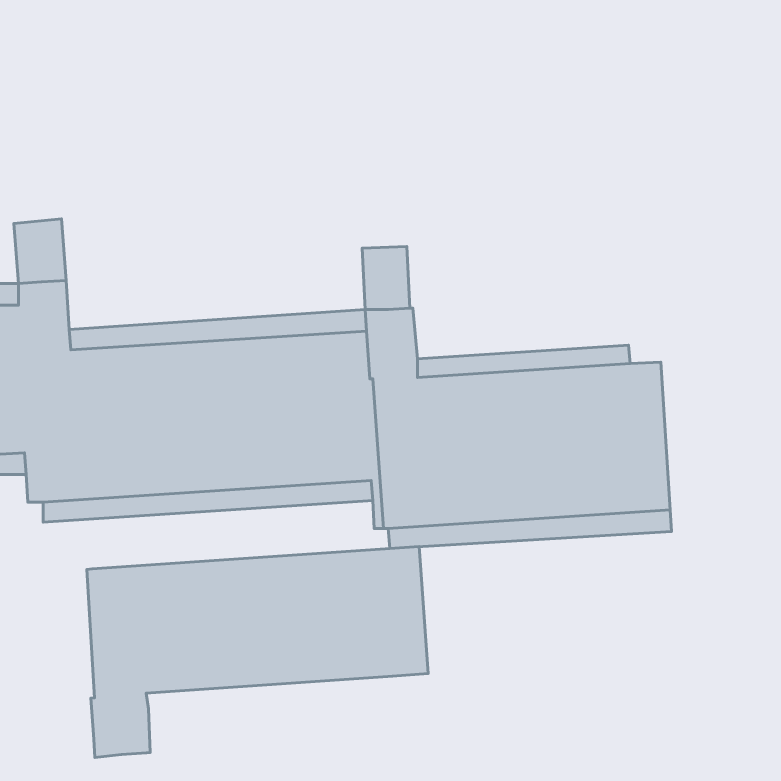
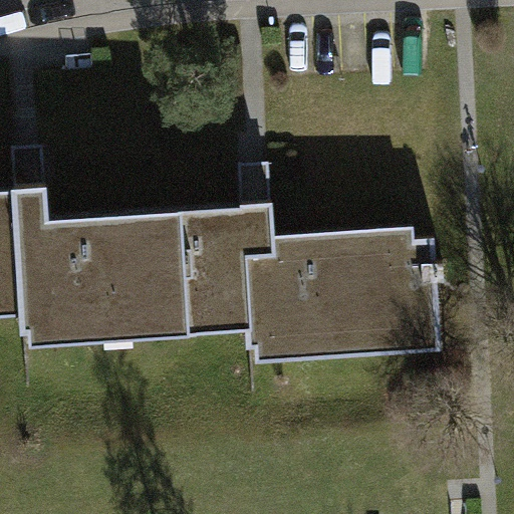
building: [87,547,428,758] -> none

